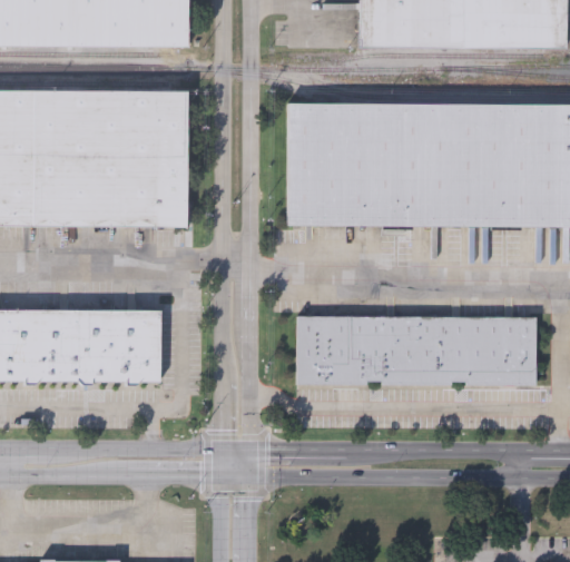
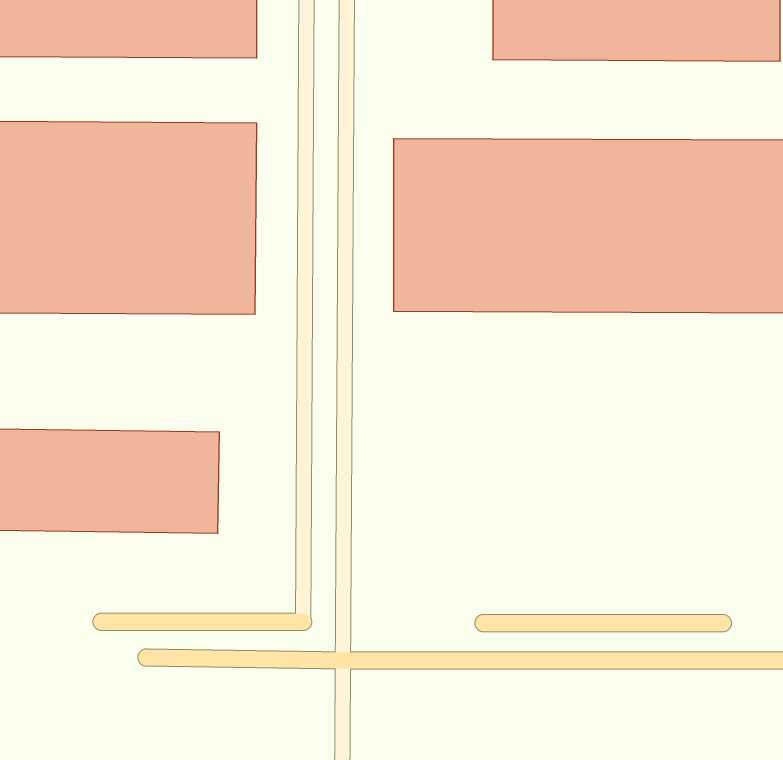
building: [296,315,534,384] -> none

